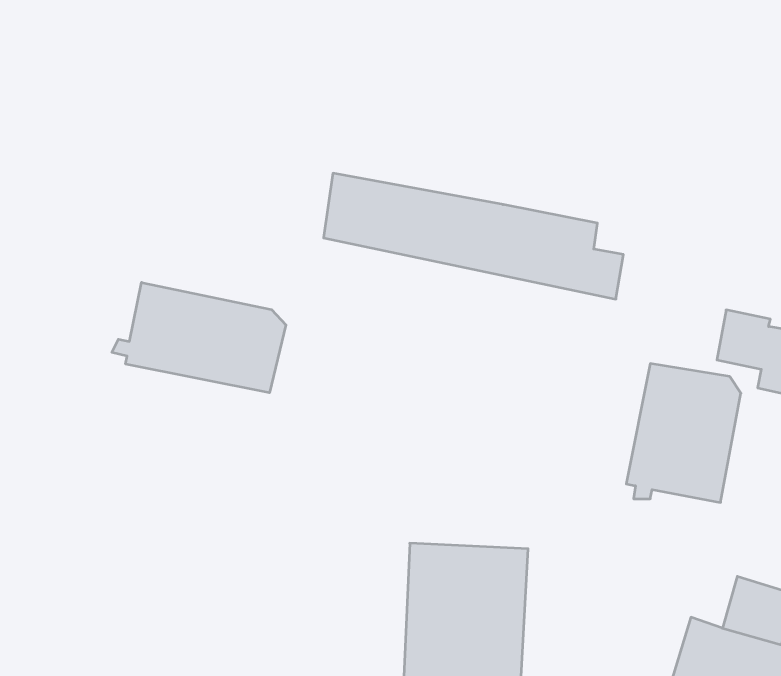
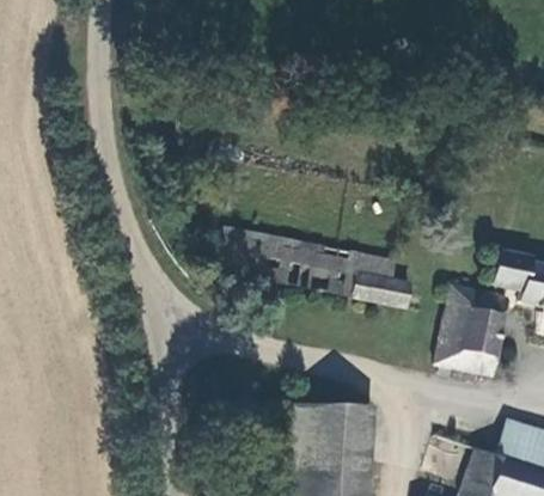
building: [324,173,623,299] -> [218,227,411,308]
building: [112,282,286,393] -> none

